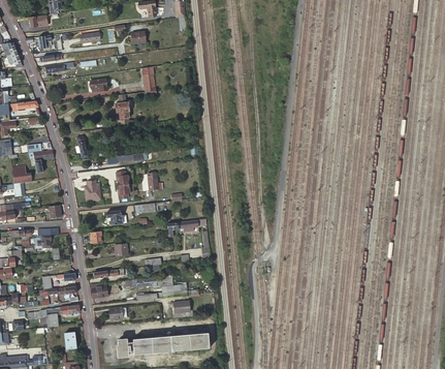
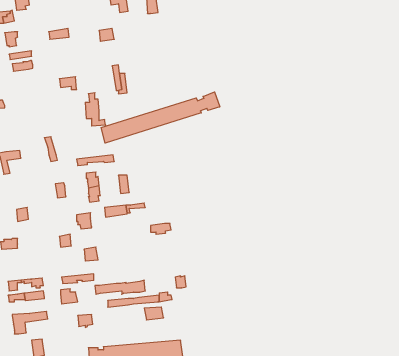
building: none -> [101,92,220,143]

